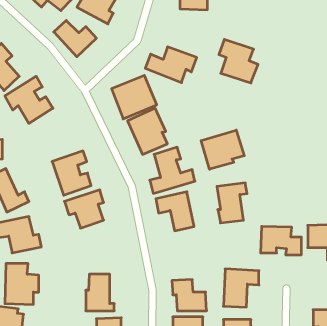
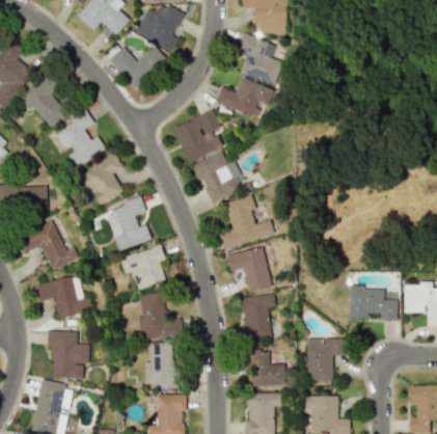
building: [219,39,258,83] -> [238,32,283,83]
building: none -> [81,153,124,205]
building: [201,130,244,169] -> none
building: [217,183,247,223] -> [241,293,276,340]
building: none -> [139,293,182,338]

